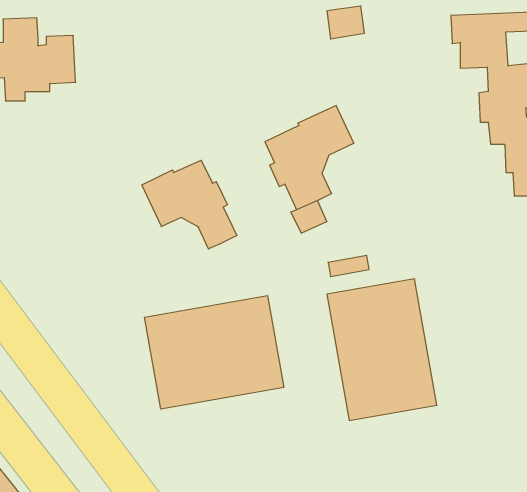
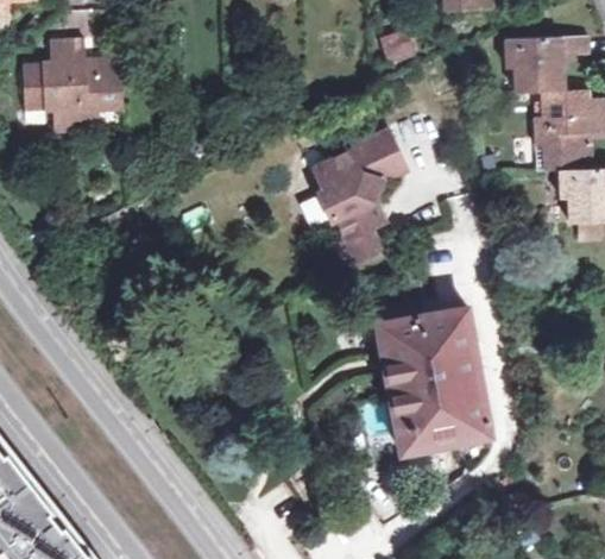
building: [142,160,237,249] -> none
building: [145,296,284,409] -> none

